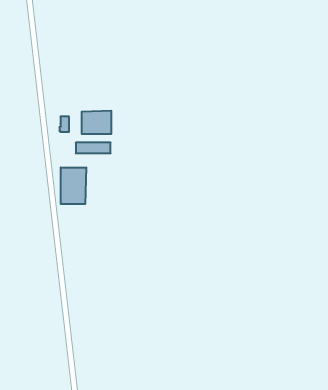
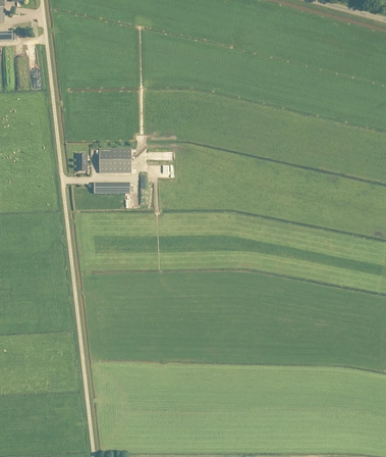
building: [61,167,86,204] -> none

